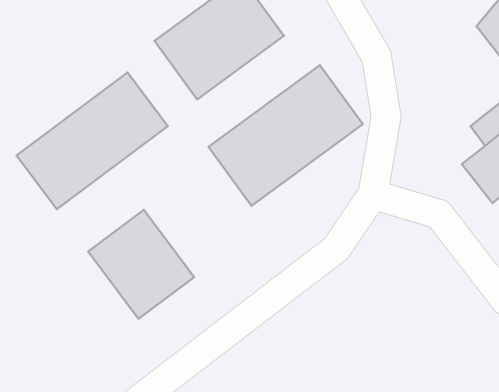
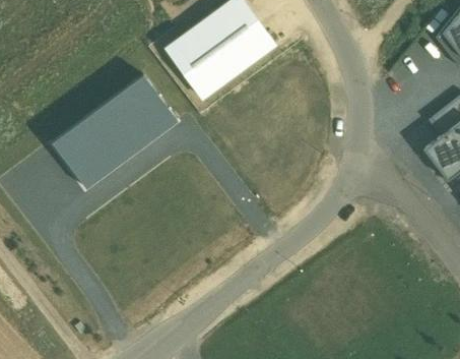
building: [209,65,363,206] -> none
building: [88,210,194,319] -> none

